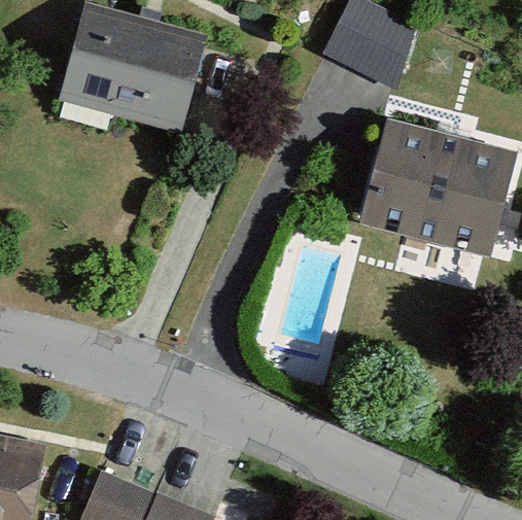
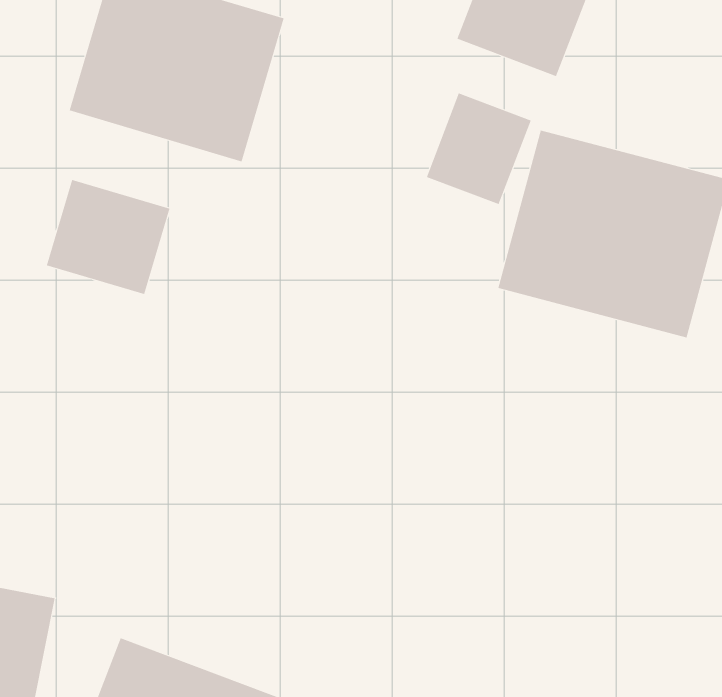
building: none -> [426,93,531,205]
building: none -> [46,179,170,295]

